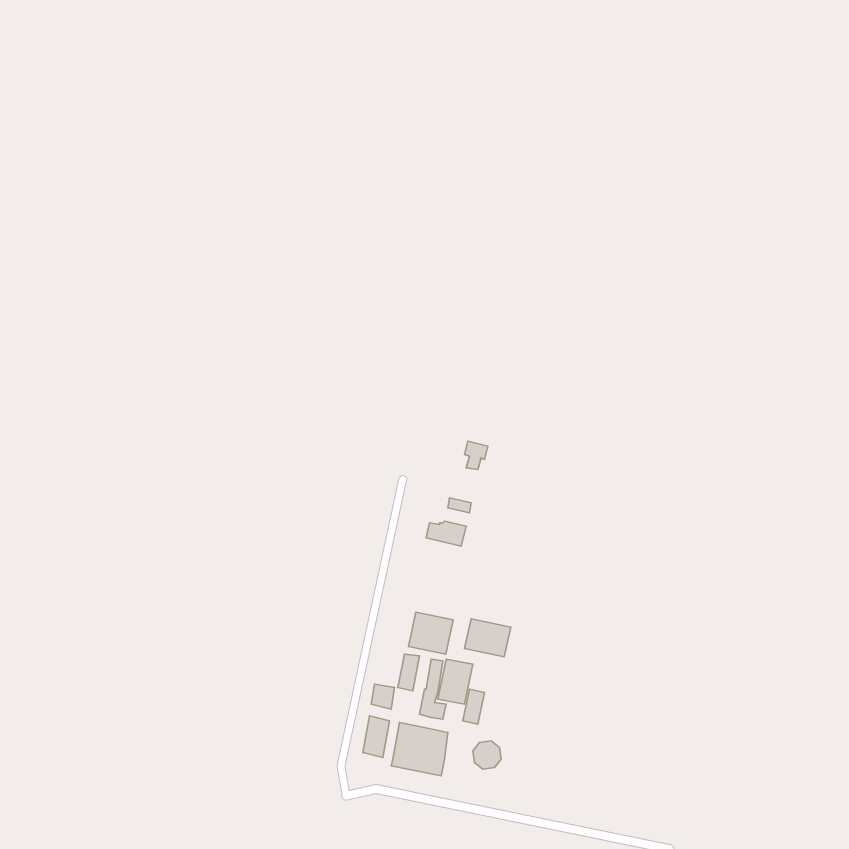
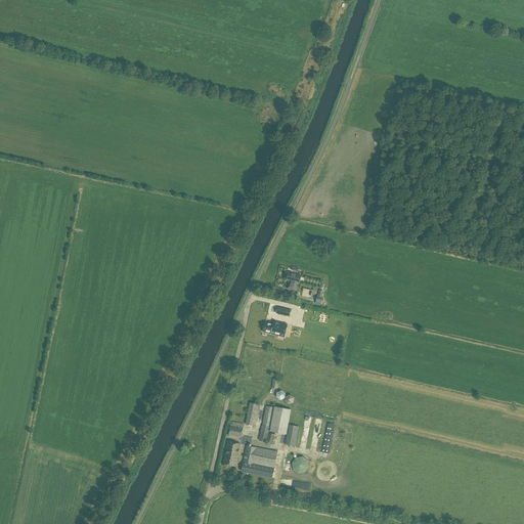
building: [408,612,453,654] -> none
building: [464,619,511,657] -> none

